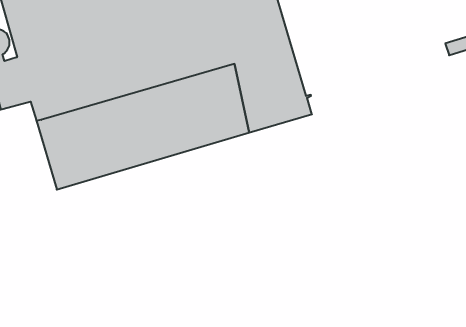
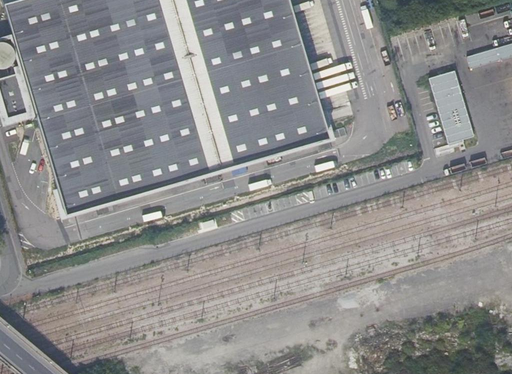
building: none -> [430,72,475,145]

